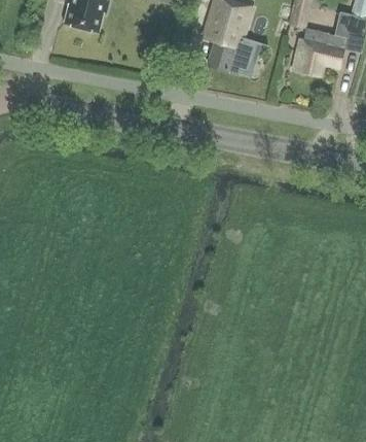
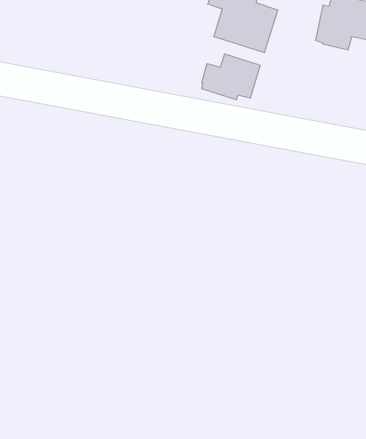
building: none -> [202,54,260,100]

